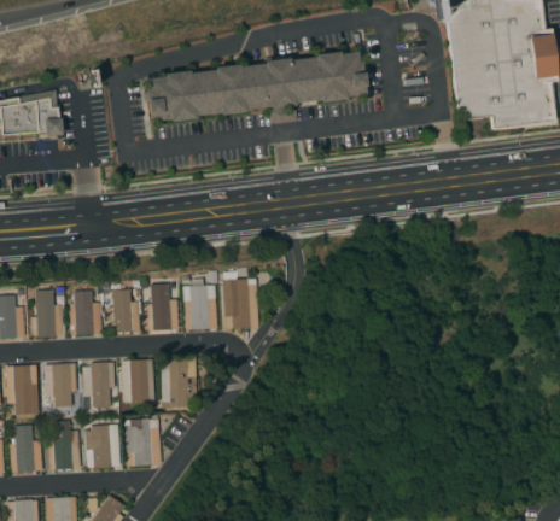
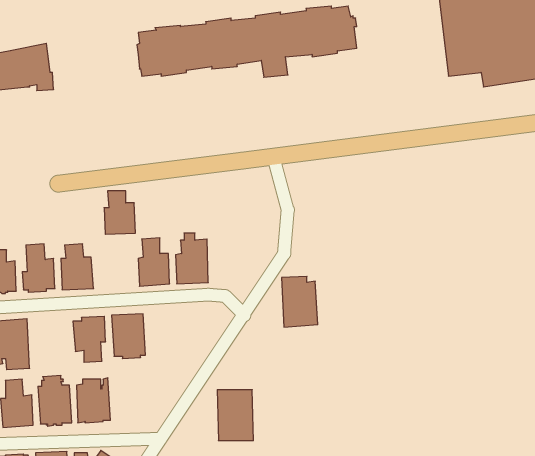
building: [223,279,259,329] -> [282,276,318,327]
building: [109,289,140,333] -> [104,191,135,234]
building: [161,357,197,408] -> [217,390,253,441]
building: [43,363,77,406] -> none
building: [124,415,161,467] -> none

